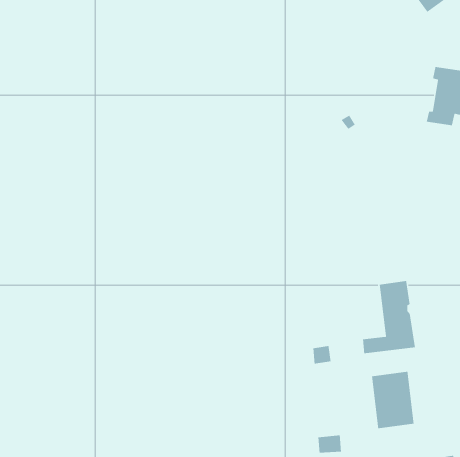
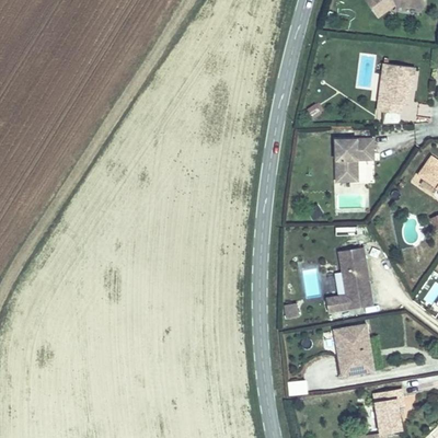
building: none -> [337,137,376,180]

